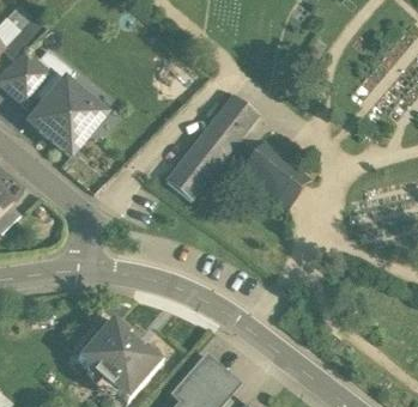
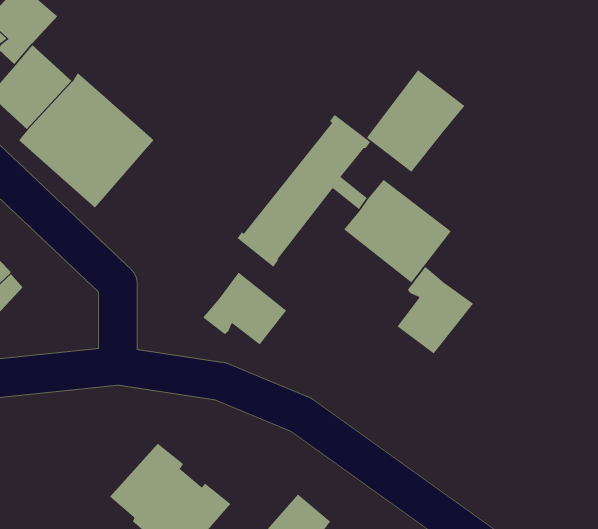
building: none -> [366,69,466,173]
building: none -> [397,266,474,355]
building: none -> [202,271,287,346]

